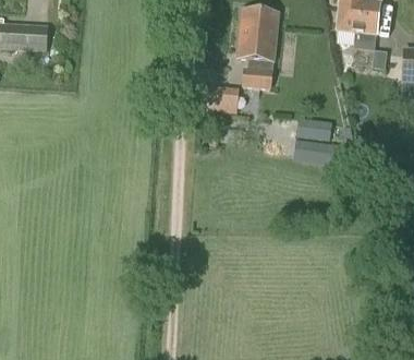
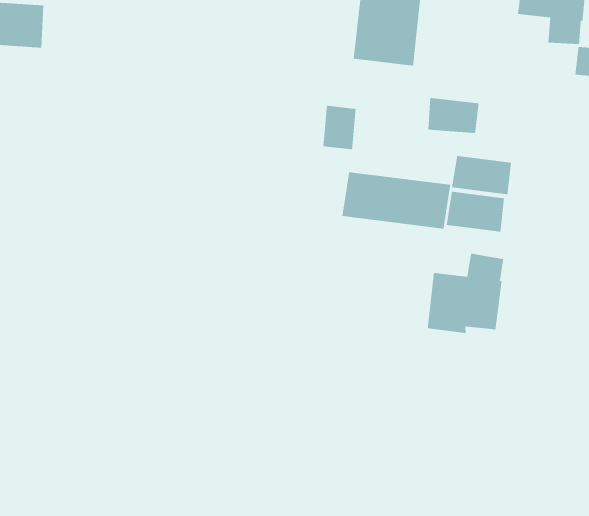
building: [241,68,272,89] -> [428,98,479,133]
building: none -> [342,171,451,229]
building: none -> [427,253,504,334]

